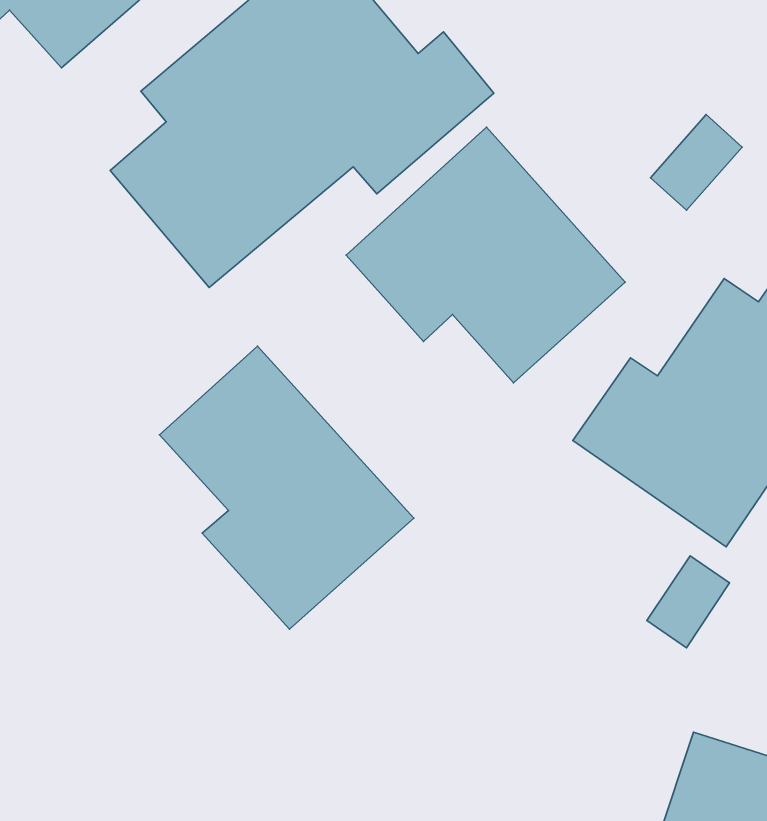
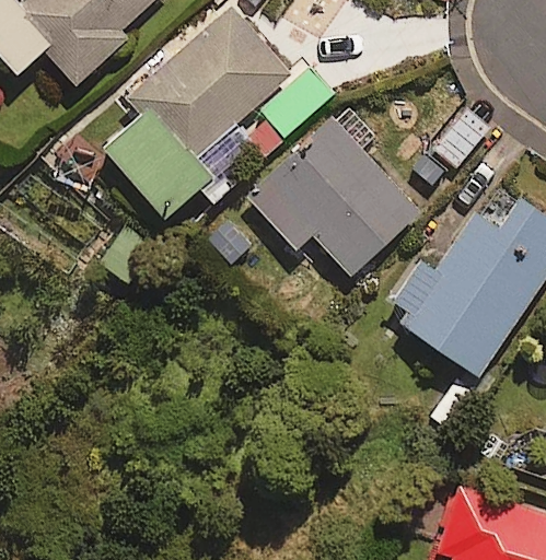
building: [160,346,414,629] -> none

